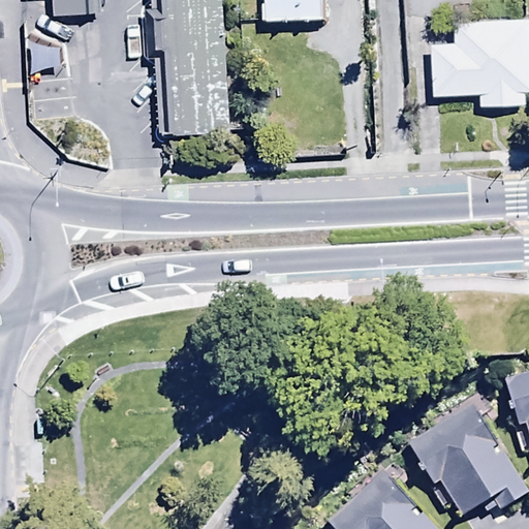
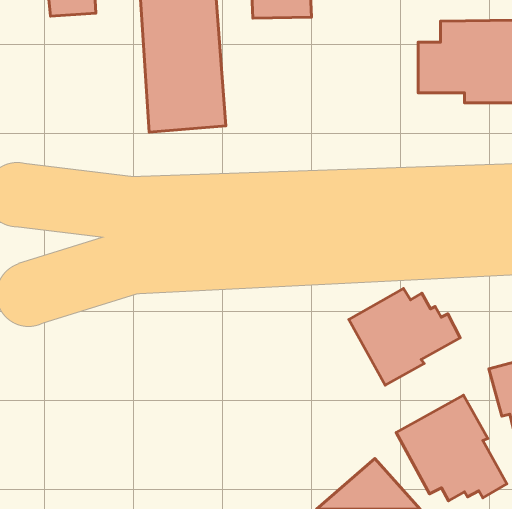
building: none -> [349,289,460,385]

